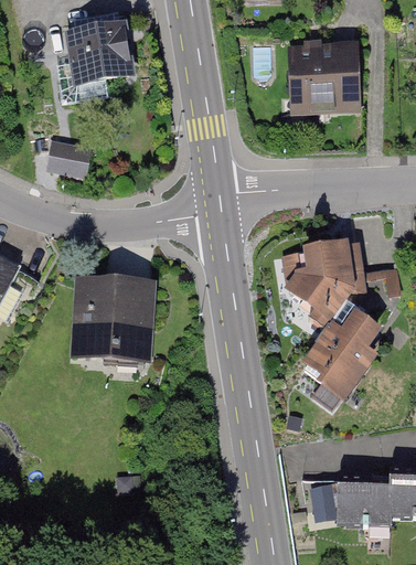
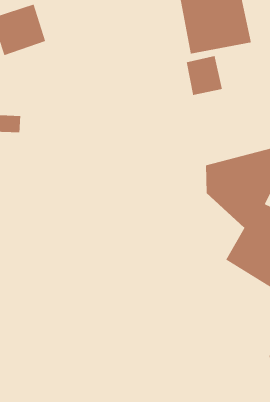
building: none -> [186,55,223,96]
building: [76,274,167,351] -> none

